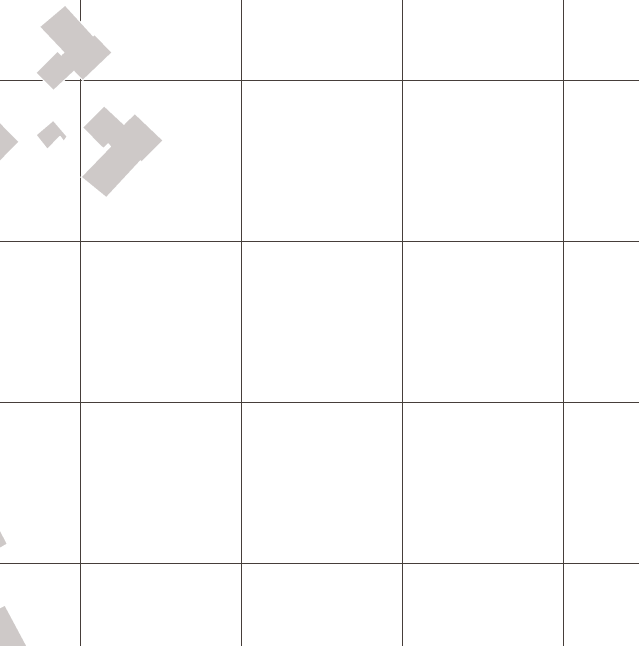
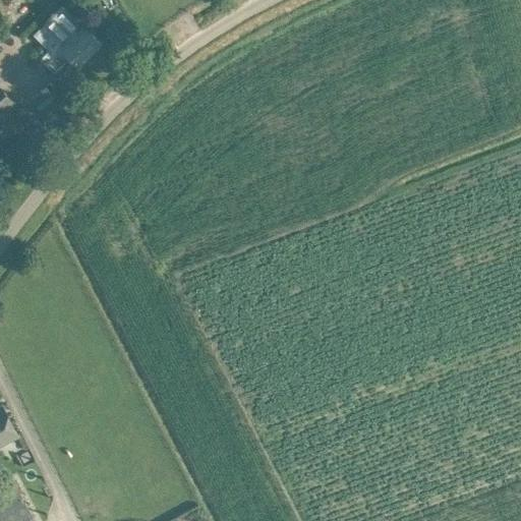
building: [81,106,163,198] -> none

